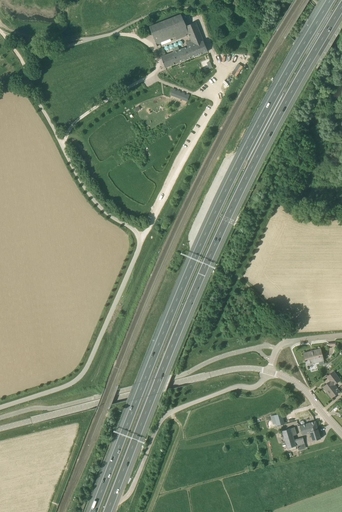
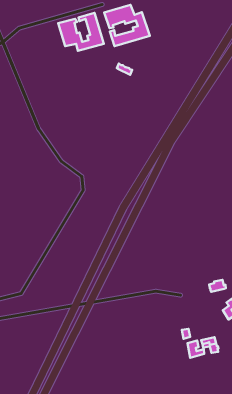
building: none -> [58,13,104,51]

